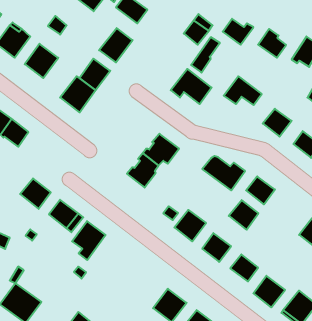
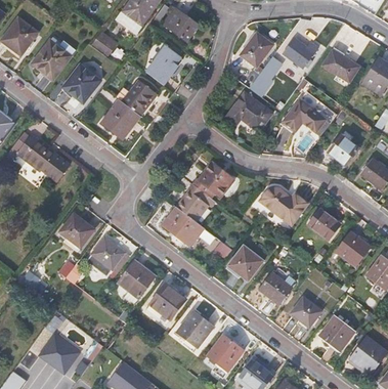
building: none -> [164,207,205,247]
building: [229,200,258,230] -> [336,232,369,265]
building: none -> [147,283,185,321]
building: none -> [176,310,213,347]

